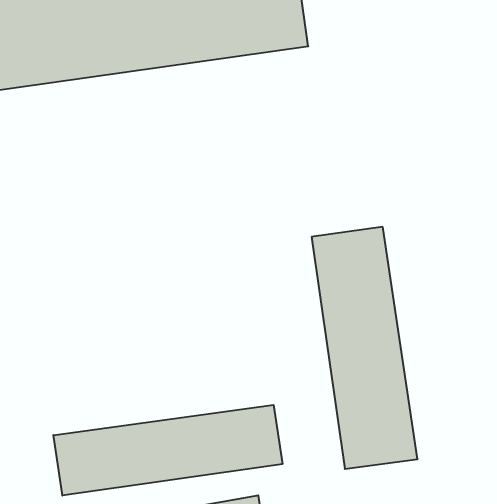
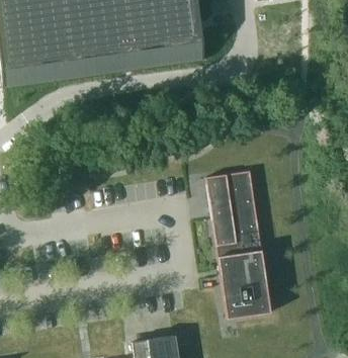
building: [53,405,282,496] -> none

